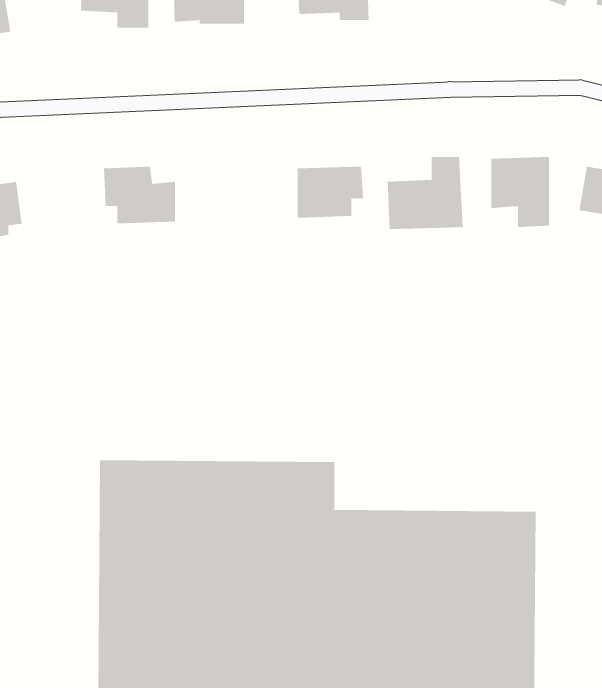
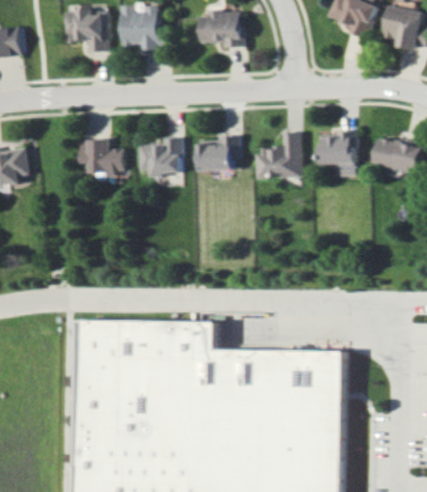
building: none -> [138,136,182,177]

